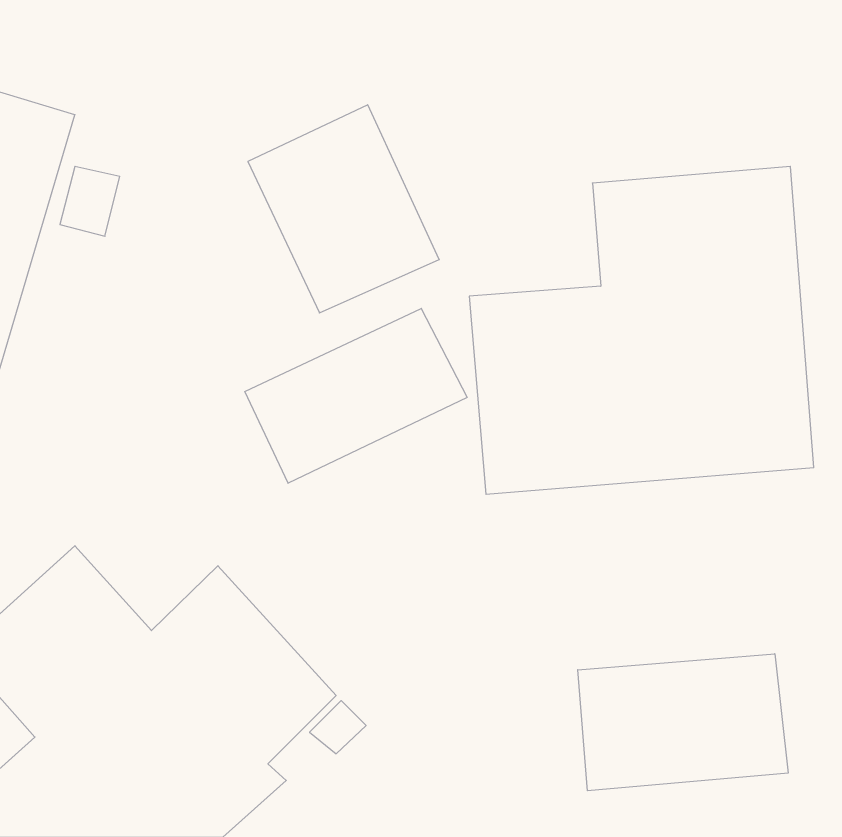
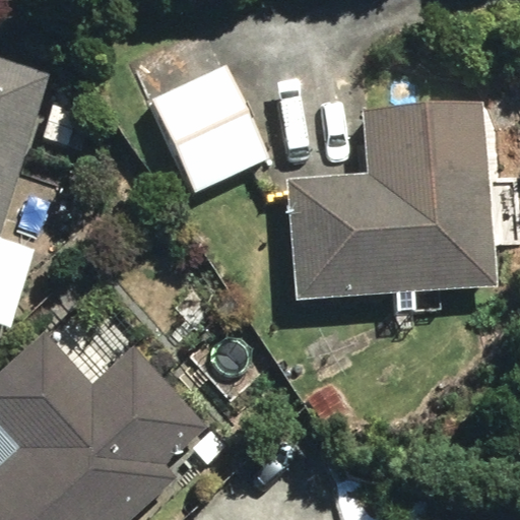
building: [245,308,467,483] -> none
building: [578,654,788,791] -> none

